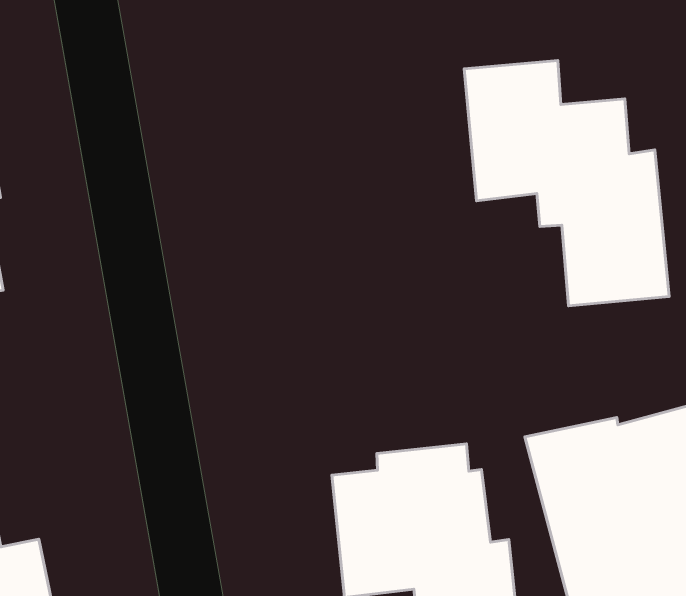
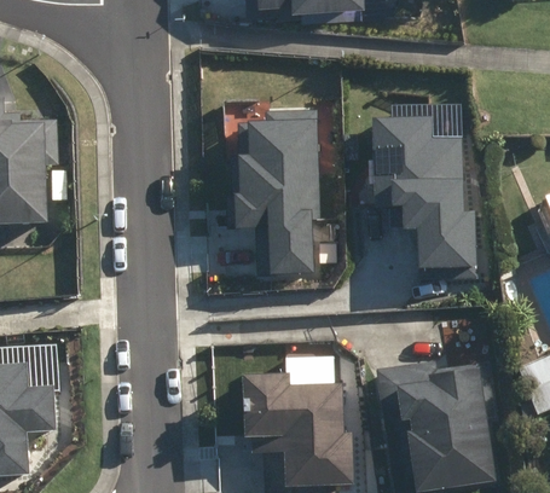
building: none -> [222,112,323,280]

